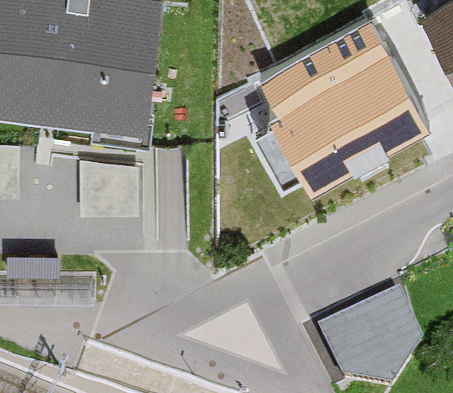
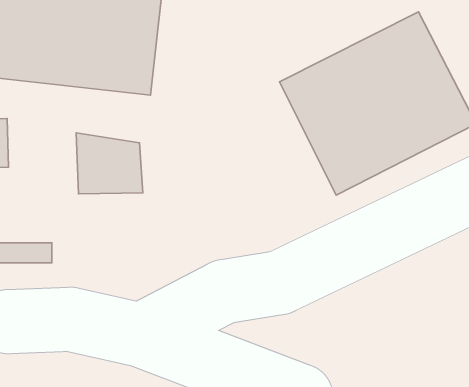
building: [317,288,419,381] -> none

